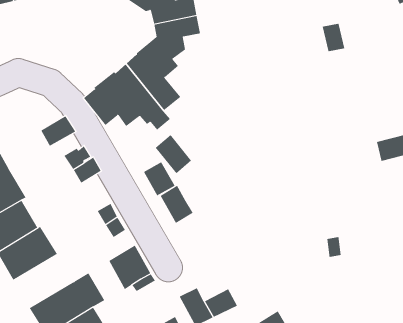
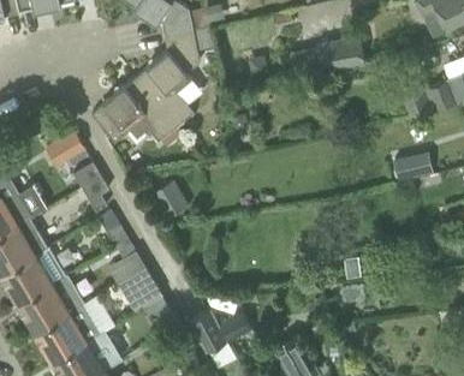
building: [155,134,192,174] -> none
building: [160,185,194,224] -> none
building: none -> [18,276,82,333]

